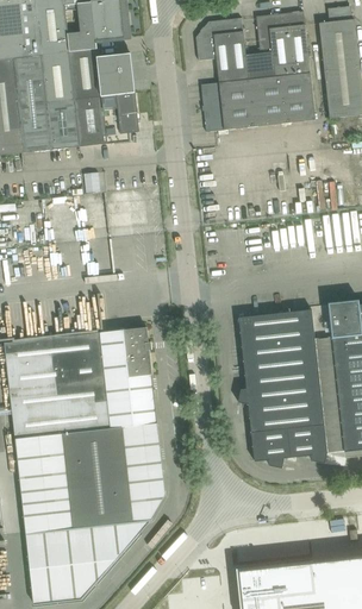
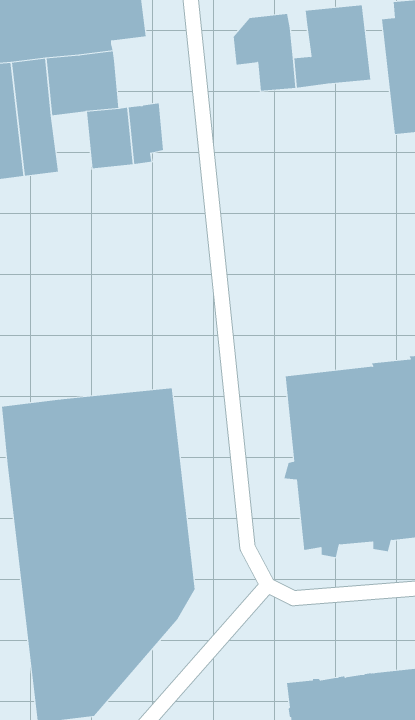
building: [98,54,135,96] -> none
building: [200,73,314,132] -> none
building: [45,99,79,149] -> none

